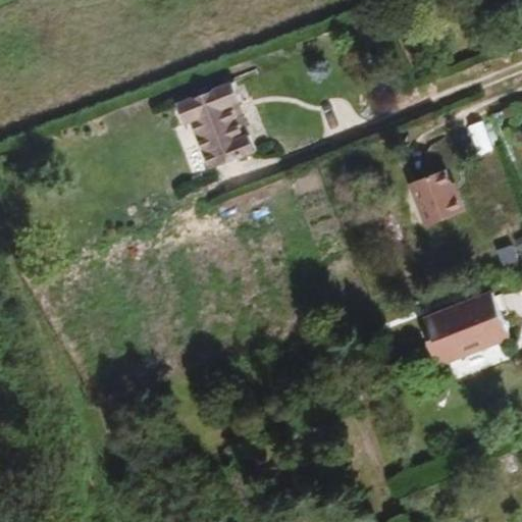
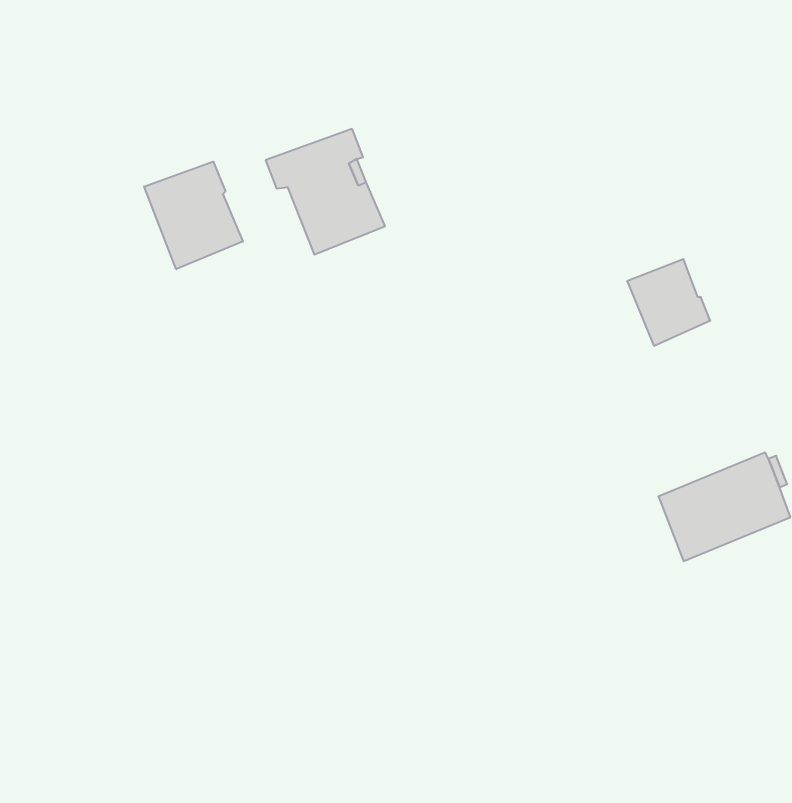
building: none -> [144,162,243,269]

